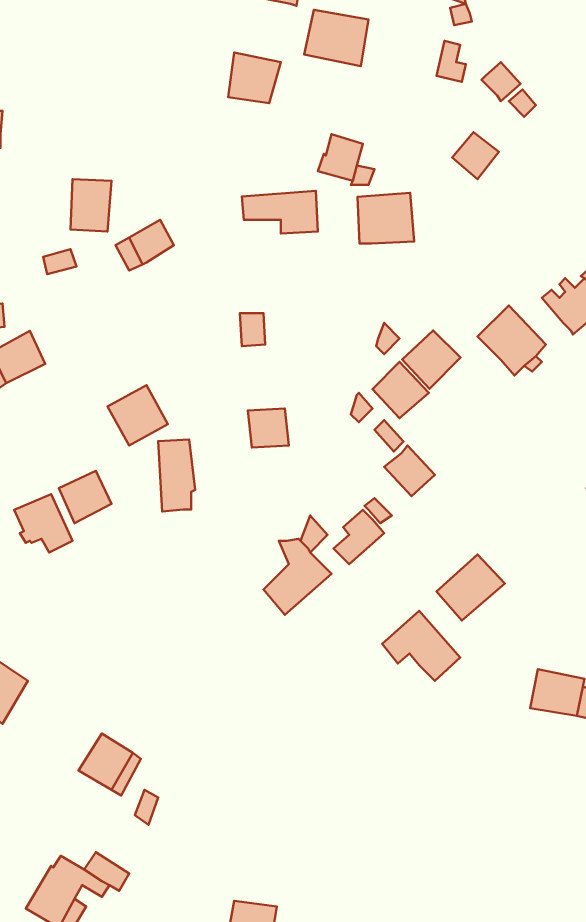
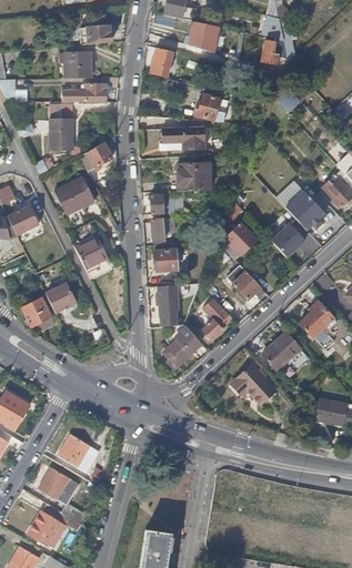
building: none -> [80,24,112,43]
building: none -> [61,51,91,78]
building: none -> [62,83,105,100]
building: [358,193,414,244] -> [178,161,210,190]
building: none -> [52,175,92,216]
building: [402,330,461,389] -> [271,223,304,256]
building: none -> [152,217,173,244]
building: [158,439,195,511] -> [158,284,179,325]
building: none -> [300,301,336,347]
building: none -> [40,466,70,499]

